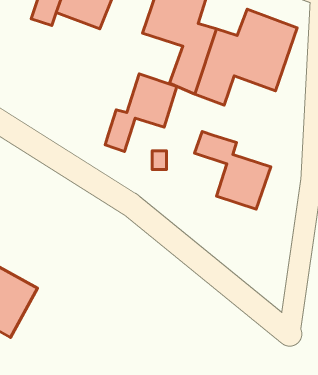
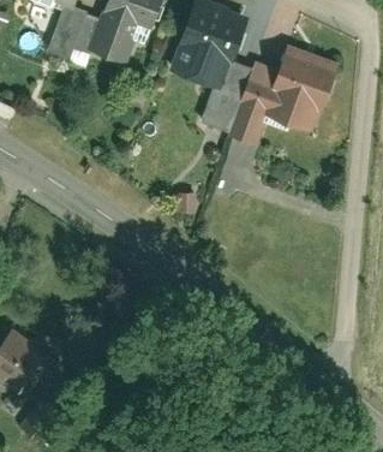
building: [105,74,177,151] -> none
building: [194,132,271,209] -> none

